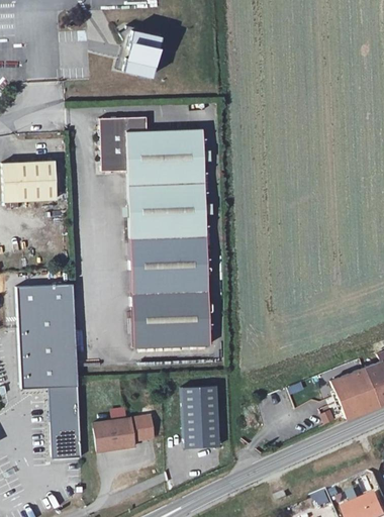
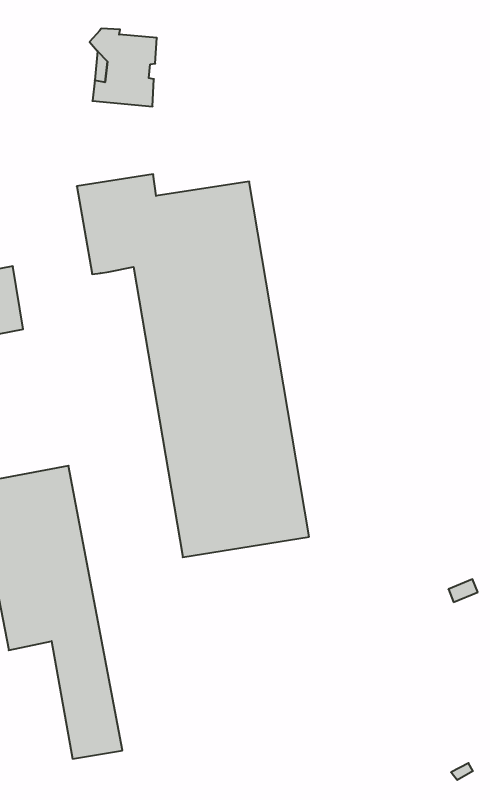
building: [182,385,220,447] -> none
building: [94,408,155,451] -> none

